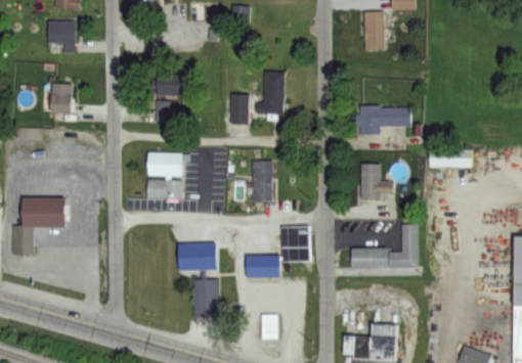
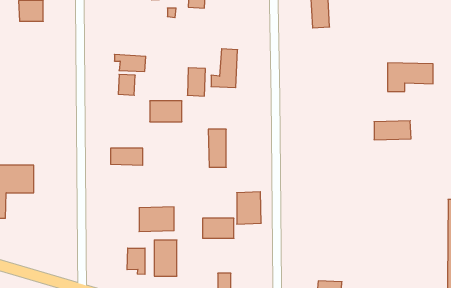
building: [51,83,72,115] -> none
building: [361,104,410,135] -> [388,63,433,91]
building: [148,152,183,175] -> [150,101,182,122]
building: [360,163,393,200] -> none
building: [353,224,419,269] -> none
building: none -> [127,248,145,274]

